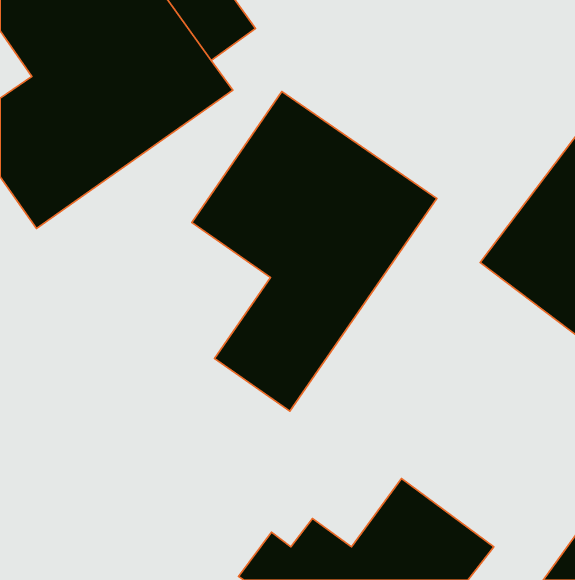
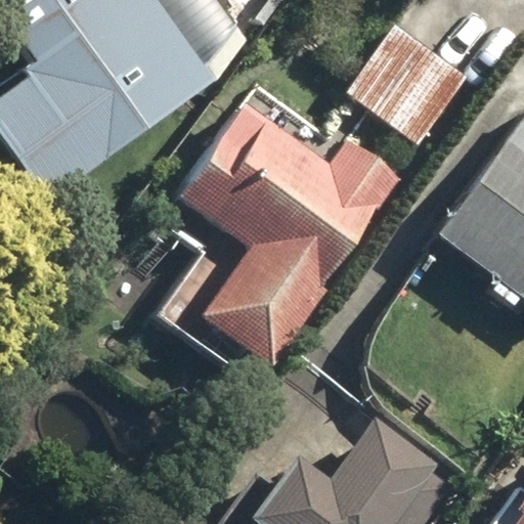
building: none -> [349,23,470,143]

